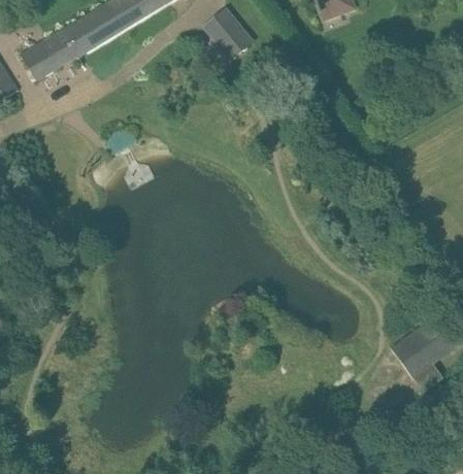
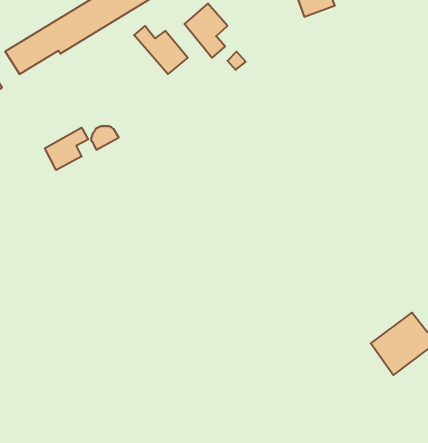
building: none -> [134,26,188,74]
building: none -> [45,128,88,170]

